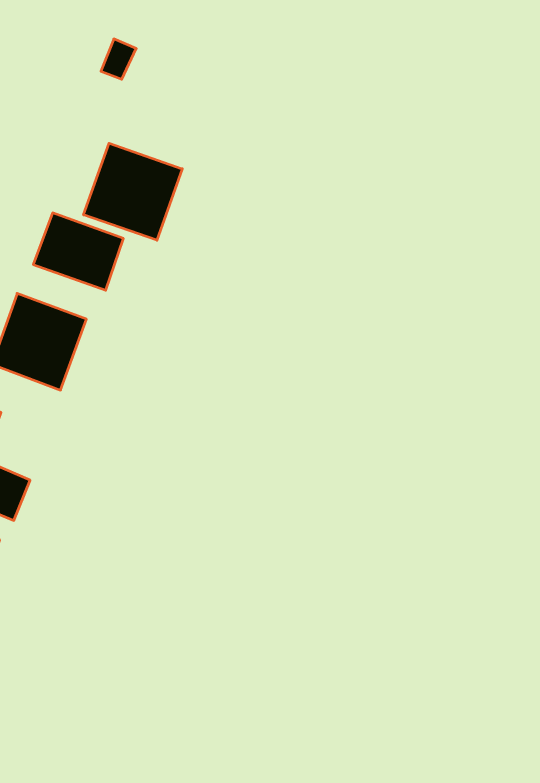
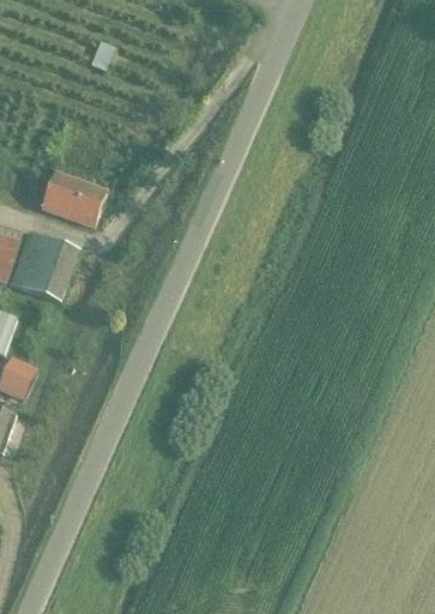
building: [84,143,182,240] -> none

